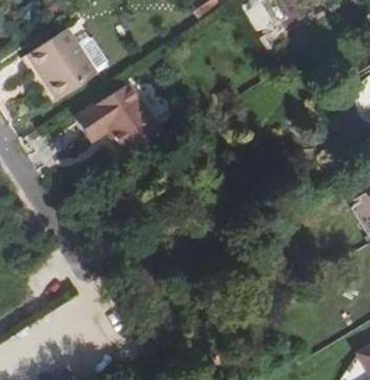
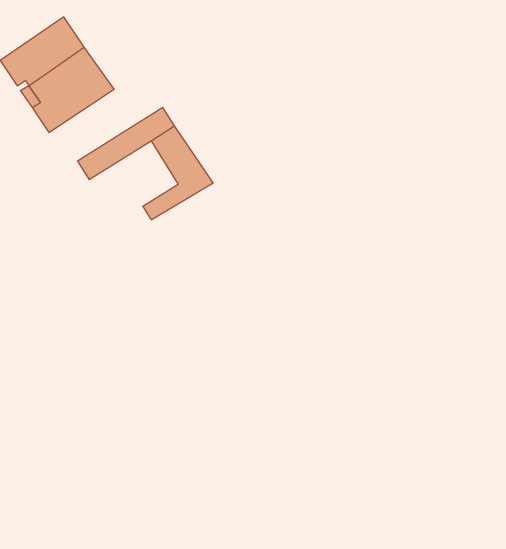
building: [81,106,136,146] -> none

